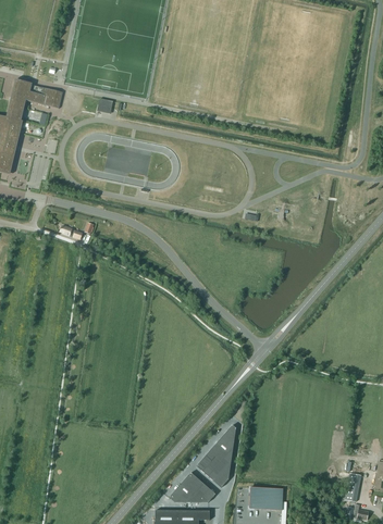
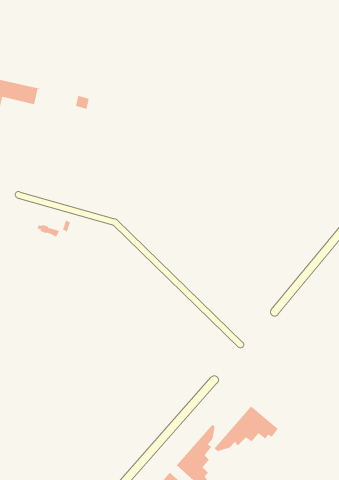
building: none -> [214,406,279,452]

